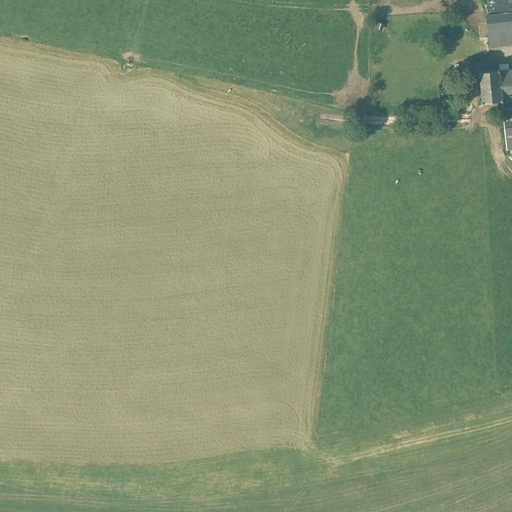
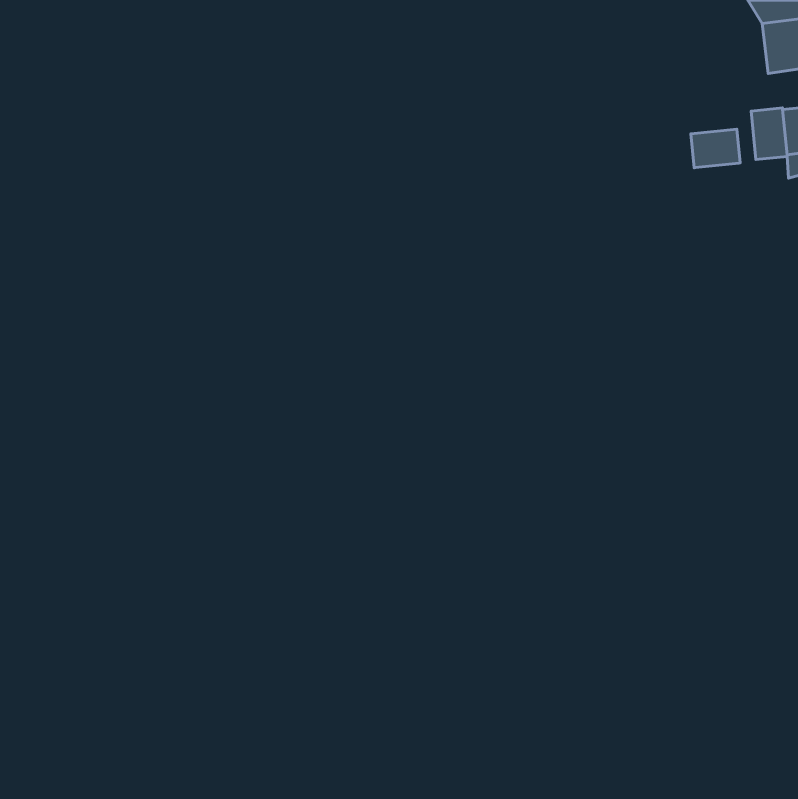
building: none -> [691,129,740,168]

